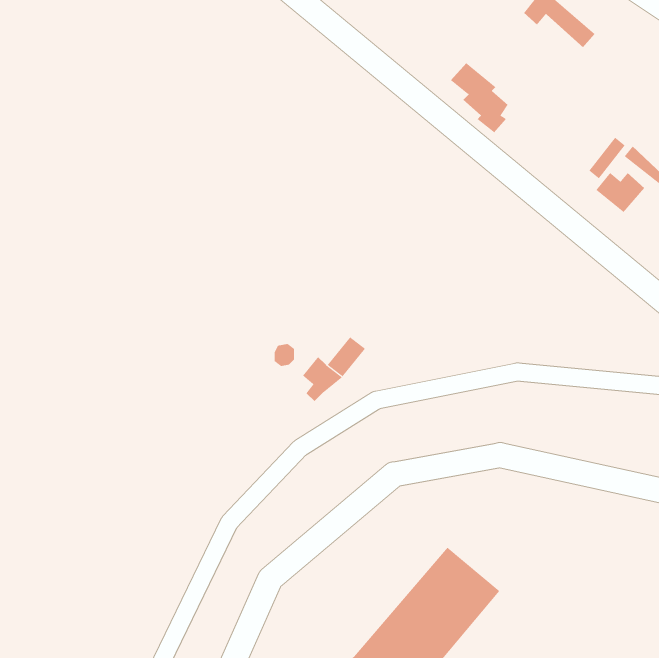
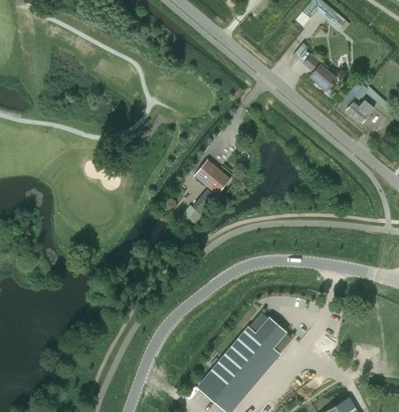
building: [450,63,509,133] -> [303,54,336,94]
building: none -> [192,157,228,192]

